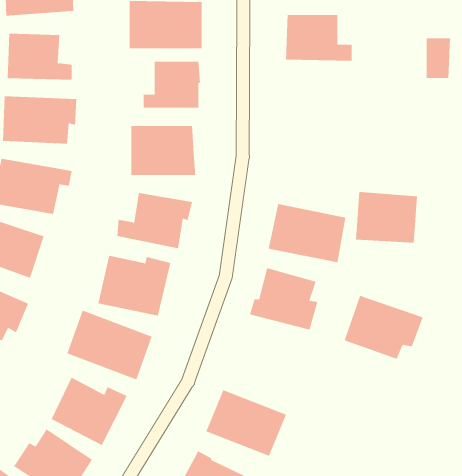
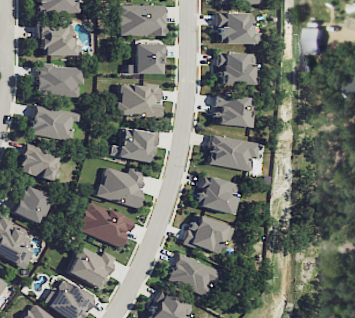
building: none -> [218,52,258,84]
building: [355,191,418,243] -> [214,94,254,127]
building: [344,295,424,359] -> [183,213,234,254]

